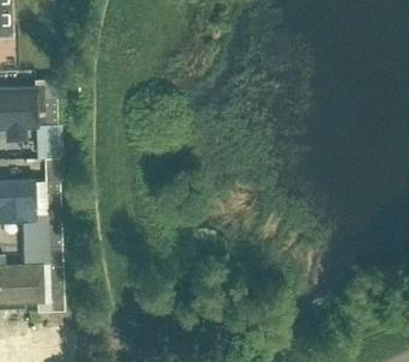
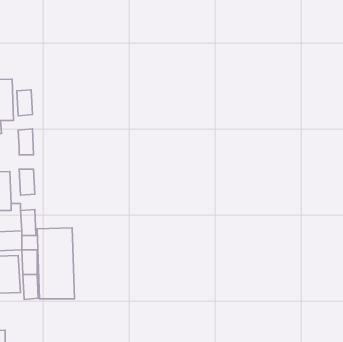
building: none -> [37,228,75,299]

